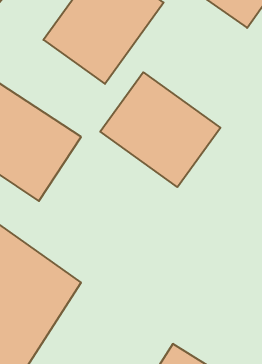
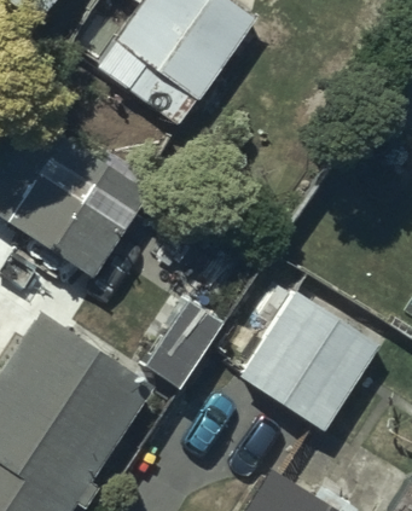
building: [100,72,220,187] -> none
building: none -> [240,290,382,431]

